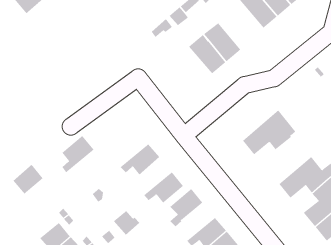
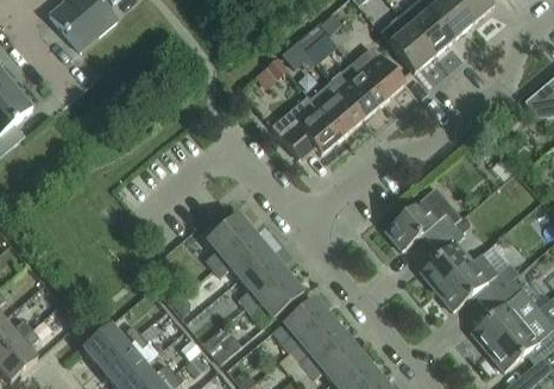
building: none -> [352,46,405,101]
building: none -> [272,95,342,157]
building: none -> [420,213,473,290]
building: [61,135,94,173] -> [207,213,253,266]
building: none -> [239,252,287,306]
building: [12,164,44,194] -> [83,324,127,366]
building: none -> [300,316,347,370]

